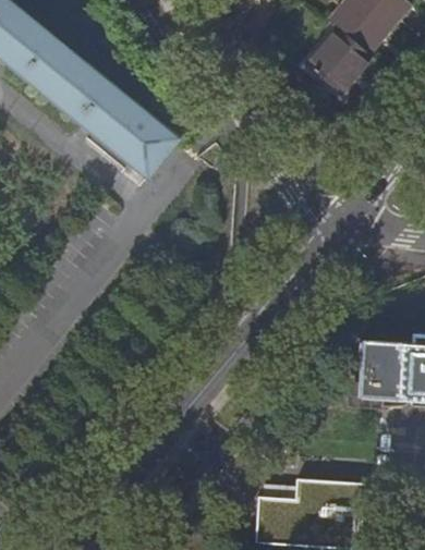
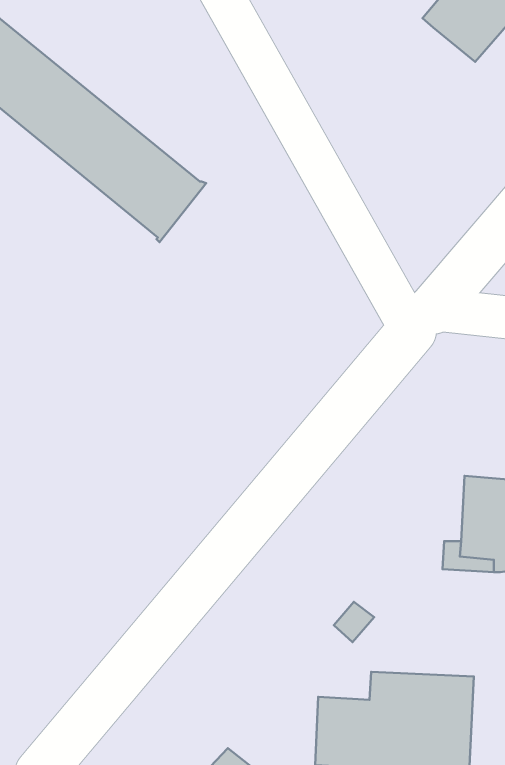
building: [307,27,374,93] -> none

